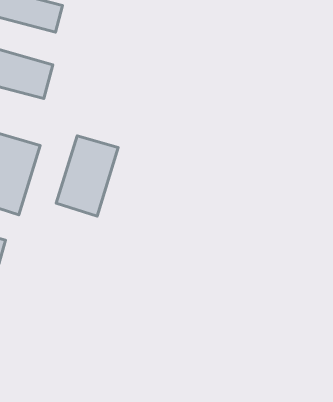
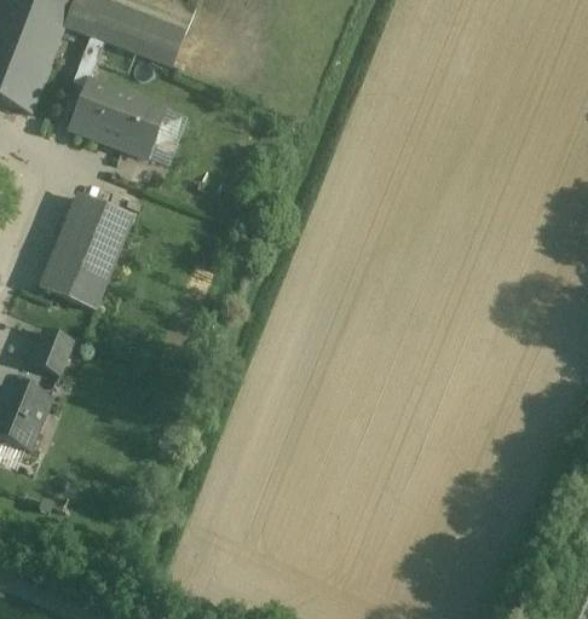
building: [56,136,118,216] -> none

